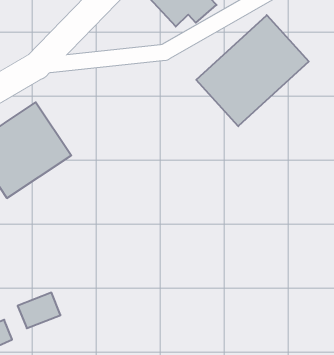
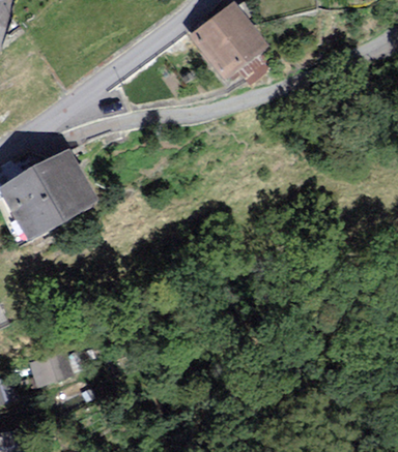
building: [196,15,309,126] -> none

